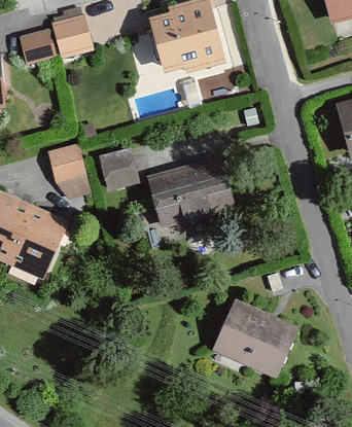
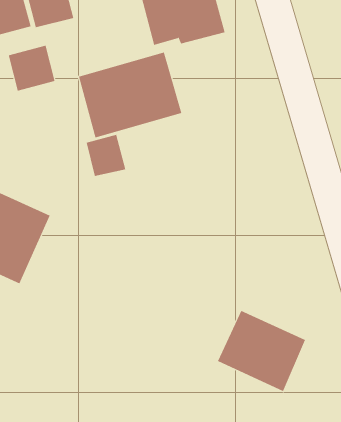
building: none -> [8,45,55,92]
building: [47,142,86,182] -> none
building: [146,153,237,228] -> [78,52,182,138]

